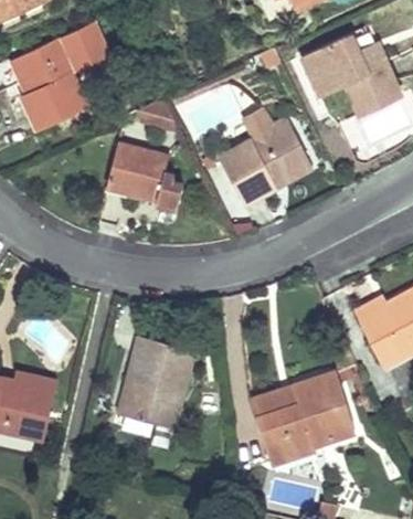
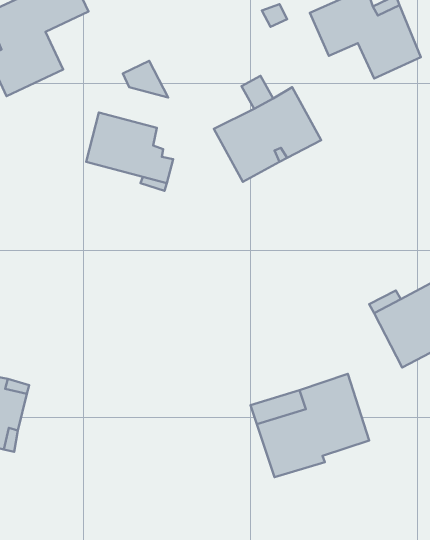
building: [120,337,193,428] -> none

